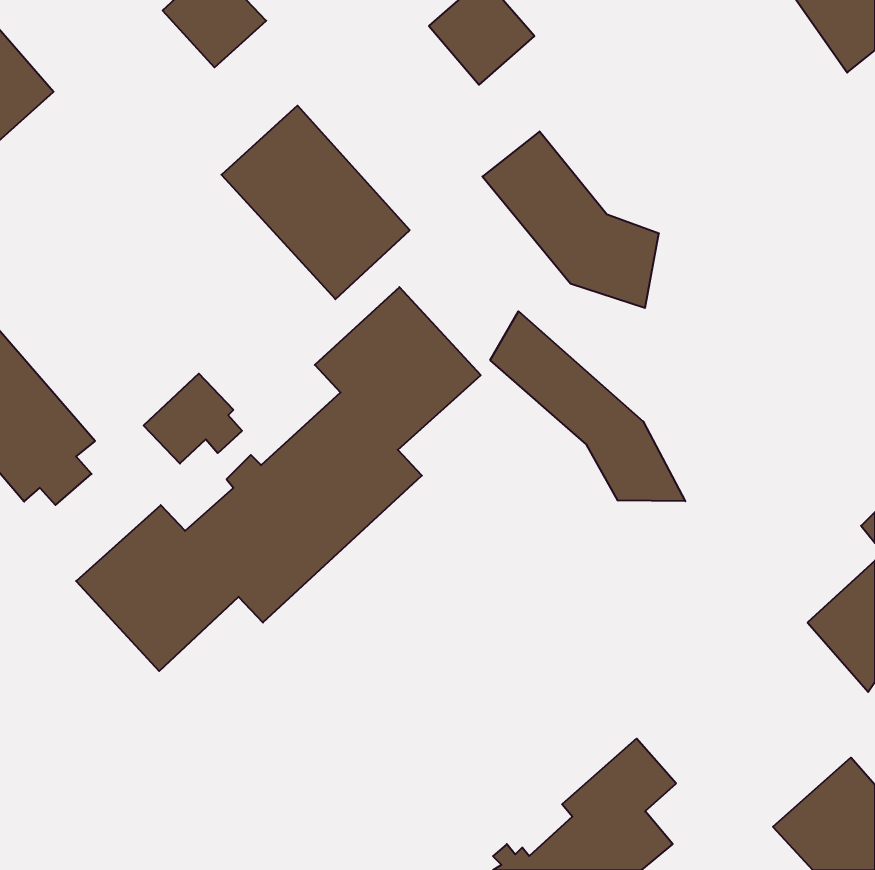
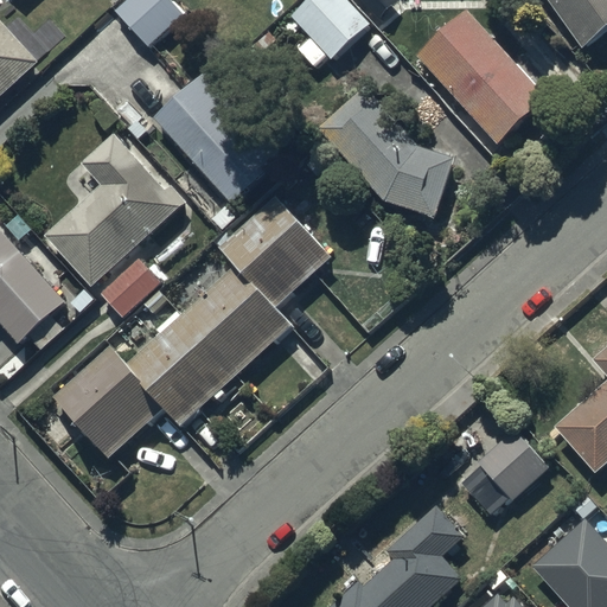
building: none -> [414,9,547,146]
building: none -> [43,134,186,288]
building: [490,311,685,501] -> none
building: none -> [459,428,549,515]

